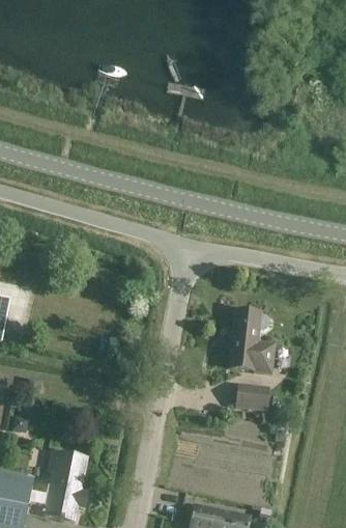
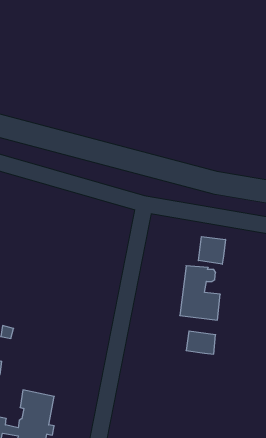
building: none -> [198,237,225,264]

